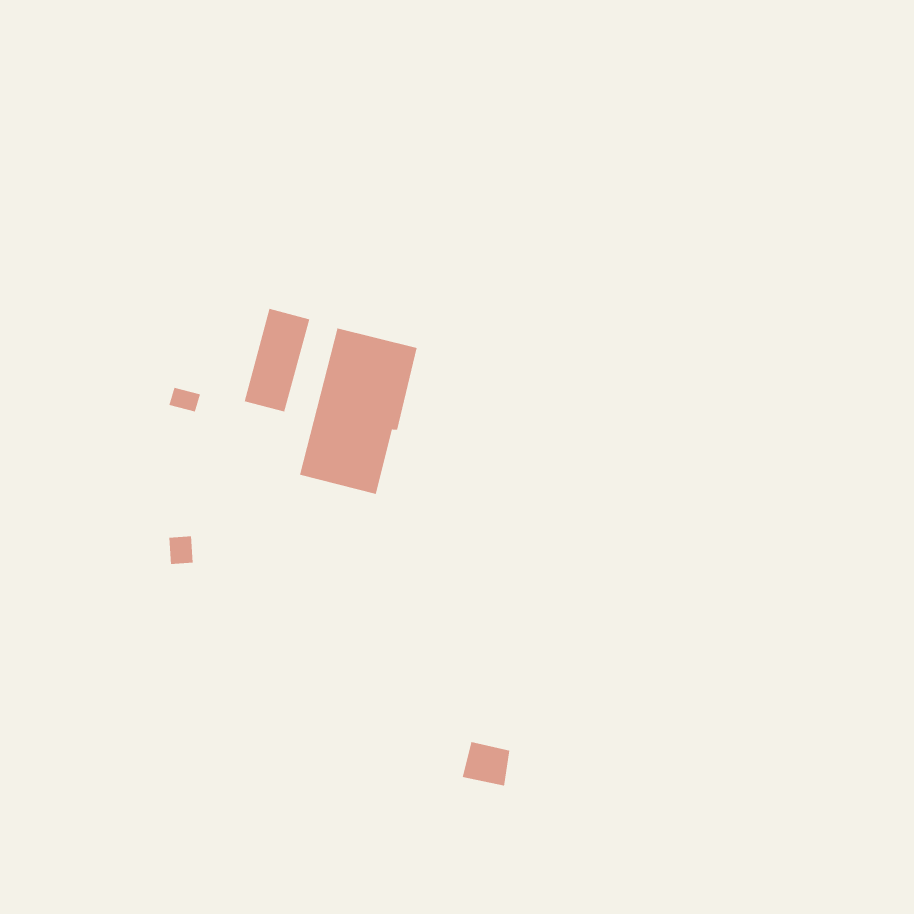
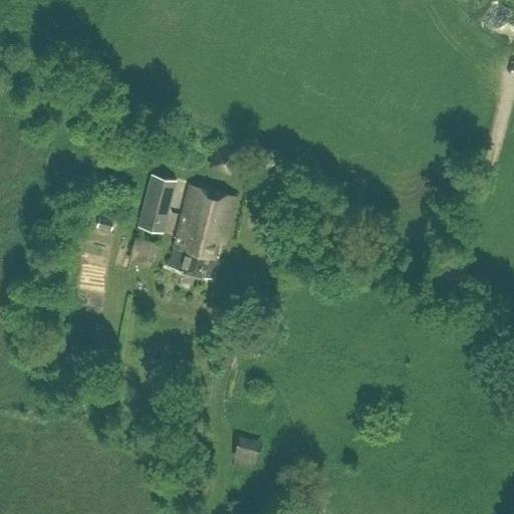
building: [462,741,510,786] -> [232,438,259,463]

